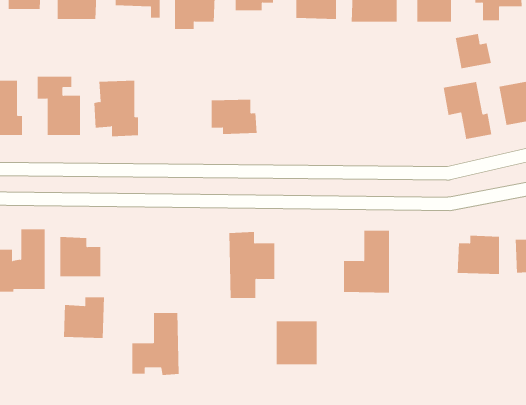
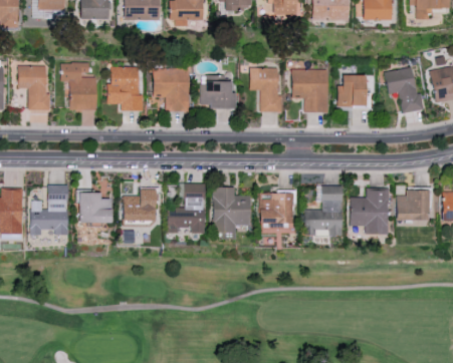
building: [455,33,492,69] -> none
building: none -> [153,68,190,111]
building: none -> [250,68,282,112]
building: none -> [291,69,328,112]
building: none -> [337,75,370,107]
building: none -> [350,190,389,234]
building: [63,297,105,339] -> [123,190,156,223]
building: [132,312,180,375] -> [168,184,206,234]
building: [276,321,317,365] -> [260,192,293,227]

